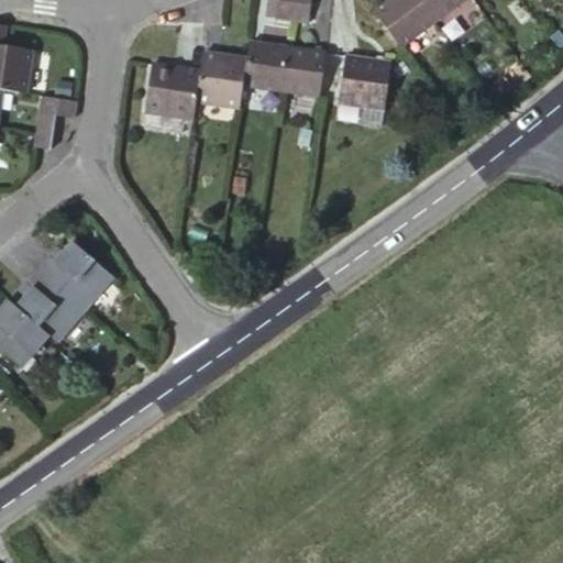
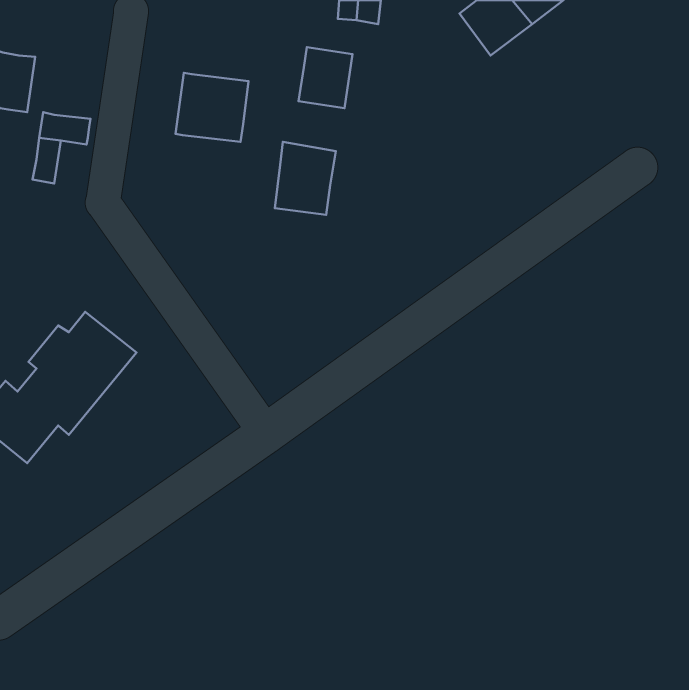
building: [280,44,327,95] -> none
building: [198,47,247,107] -> [275,142,336,215]
building: [339,52,390,108] -> none

